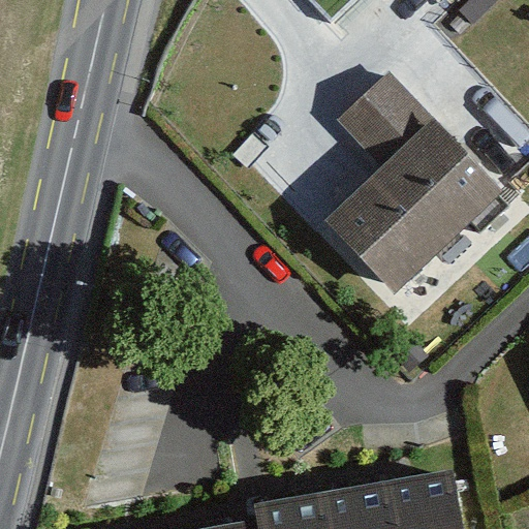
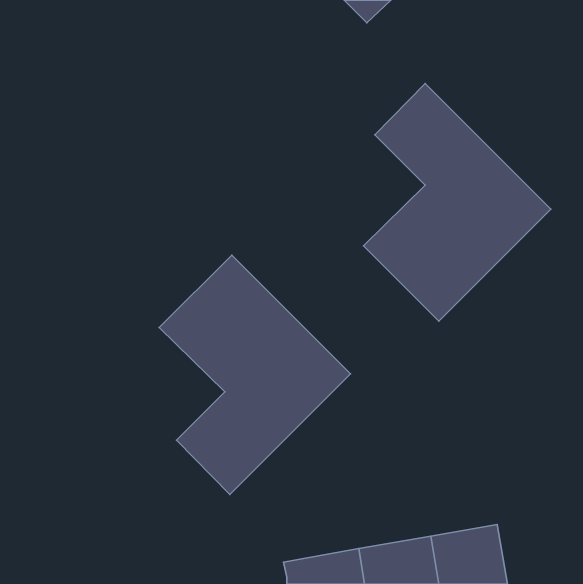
building: none -> [159,255,350,494]

